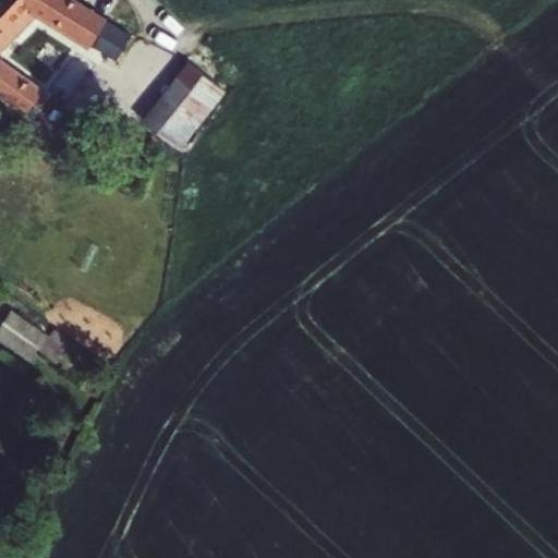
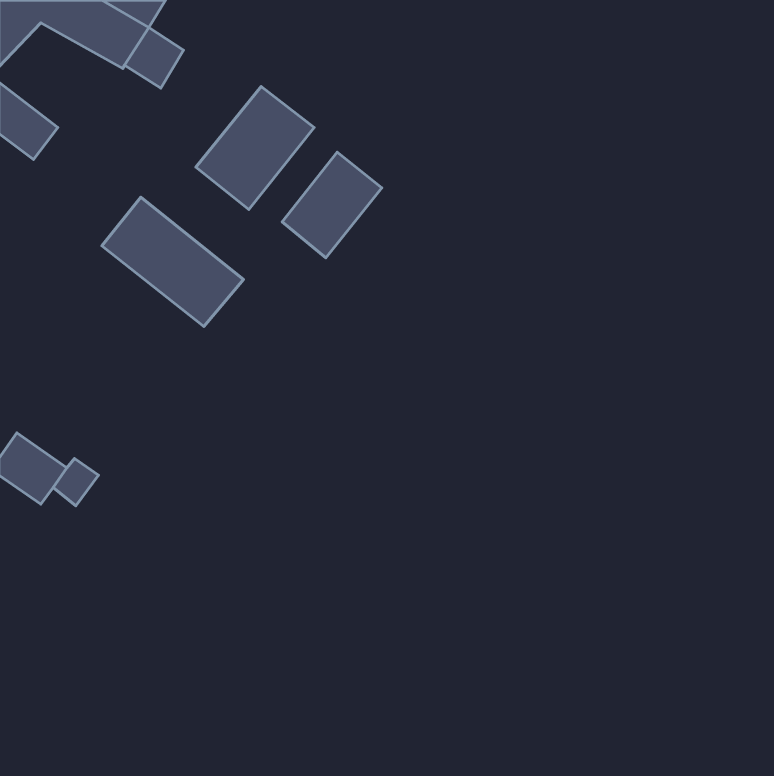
building: none -> [282,152,382,258]
building: none -> [102,197,243,326]

